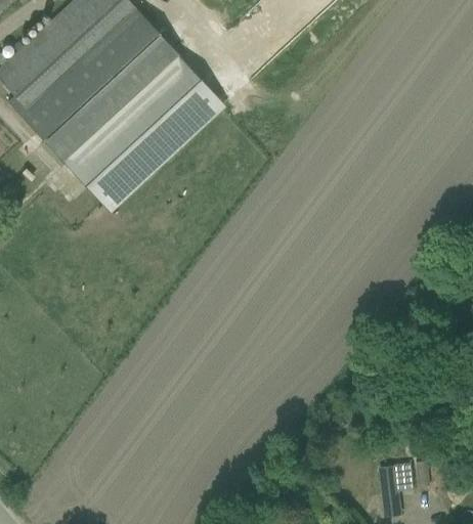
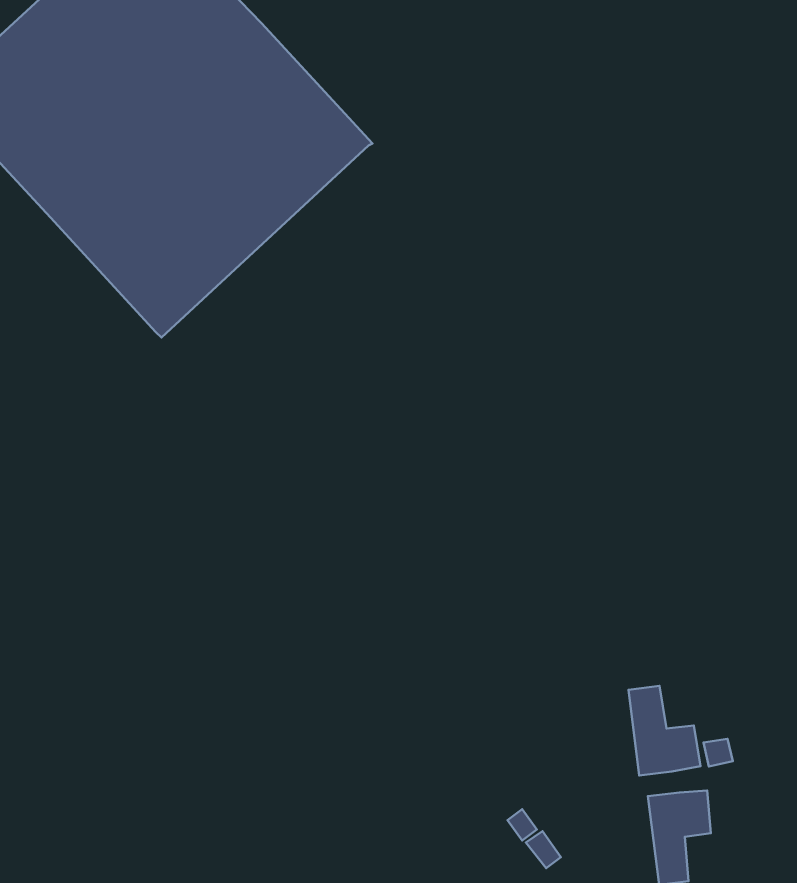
building: none -> [628,686,701,776]

